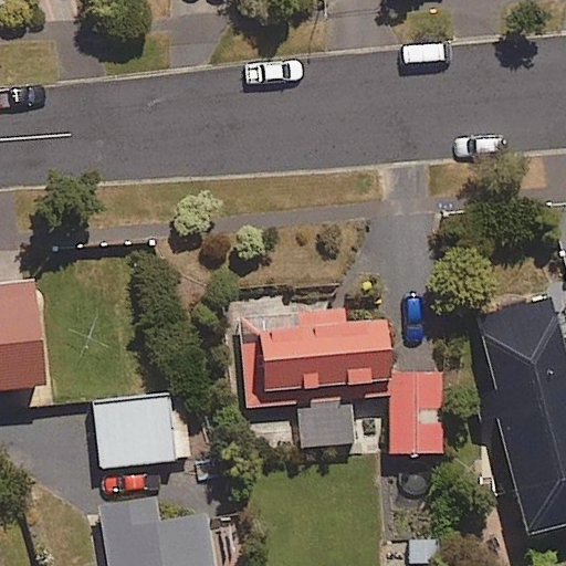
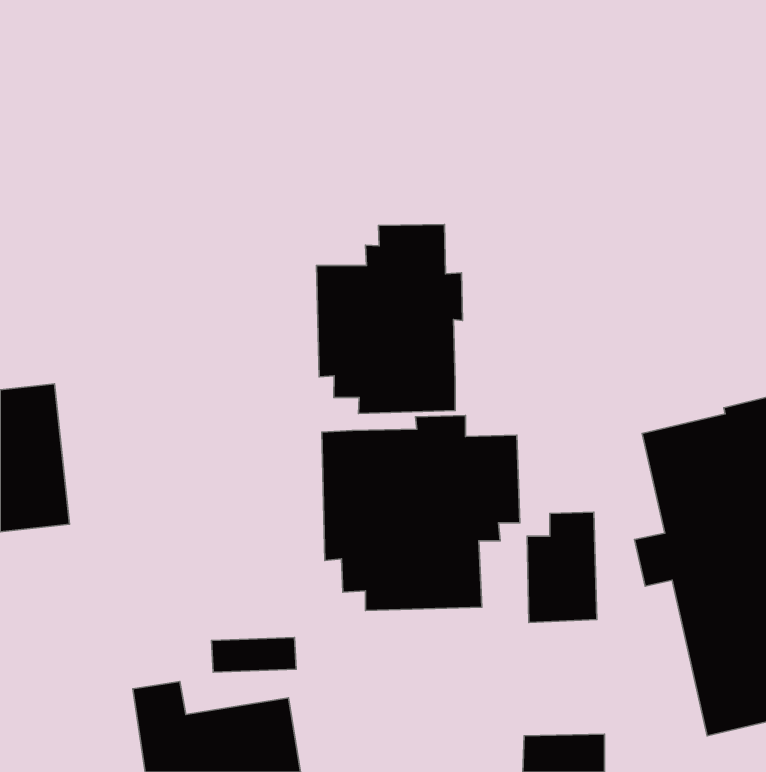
building: none -> [316,225,463,413]
building: [49,395,182,464] -> none

